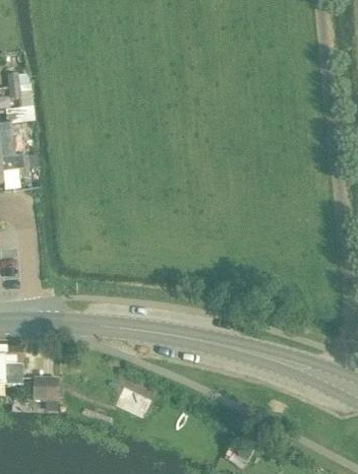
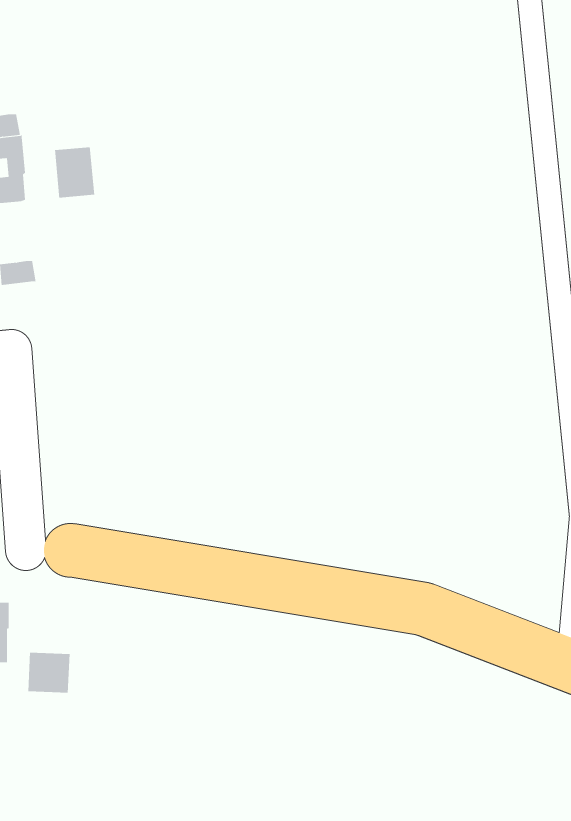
building: none -> [54,146,95,198]

